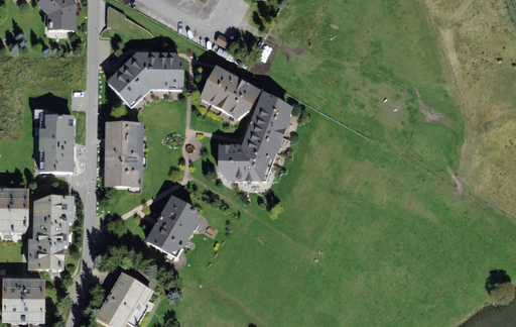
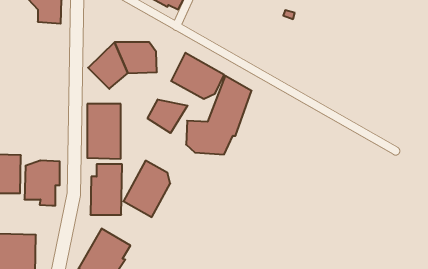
building: [38,111,75,169] -> [90,164,122,215]
building: none -> [148,99,188,133]
building: [28,235,64,266] -> none

